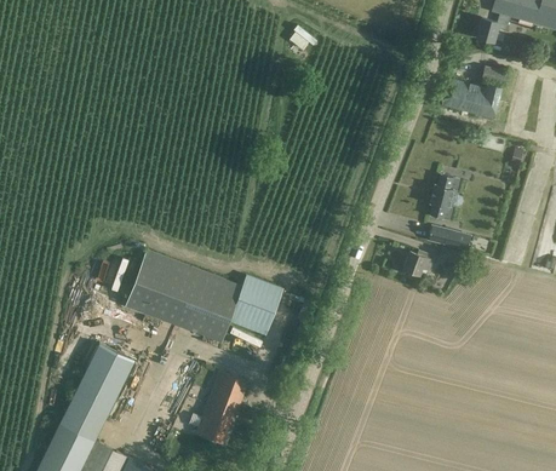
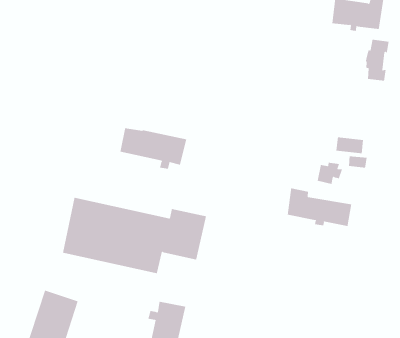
building: [430,174,459,220] -> [365,39,389,81]
building: none -> [120,127,187,170]
building: none -> [287,187,352,227]

